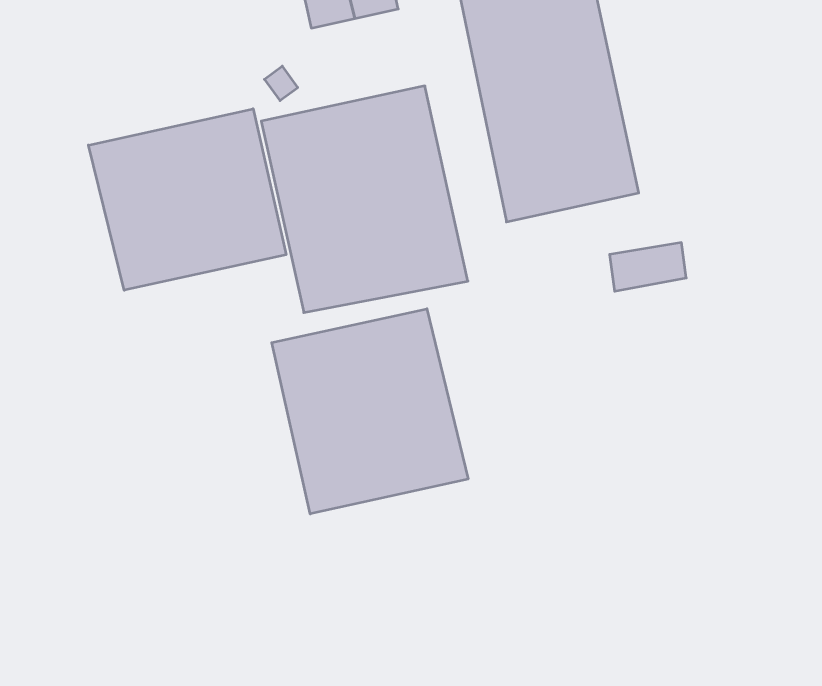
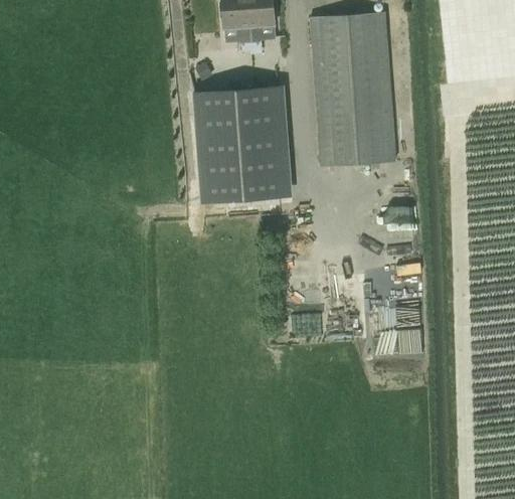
building: [88,109,286,290] -> none
building: [272,309,468,514] -> none

